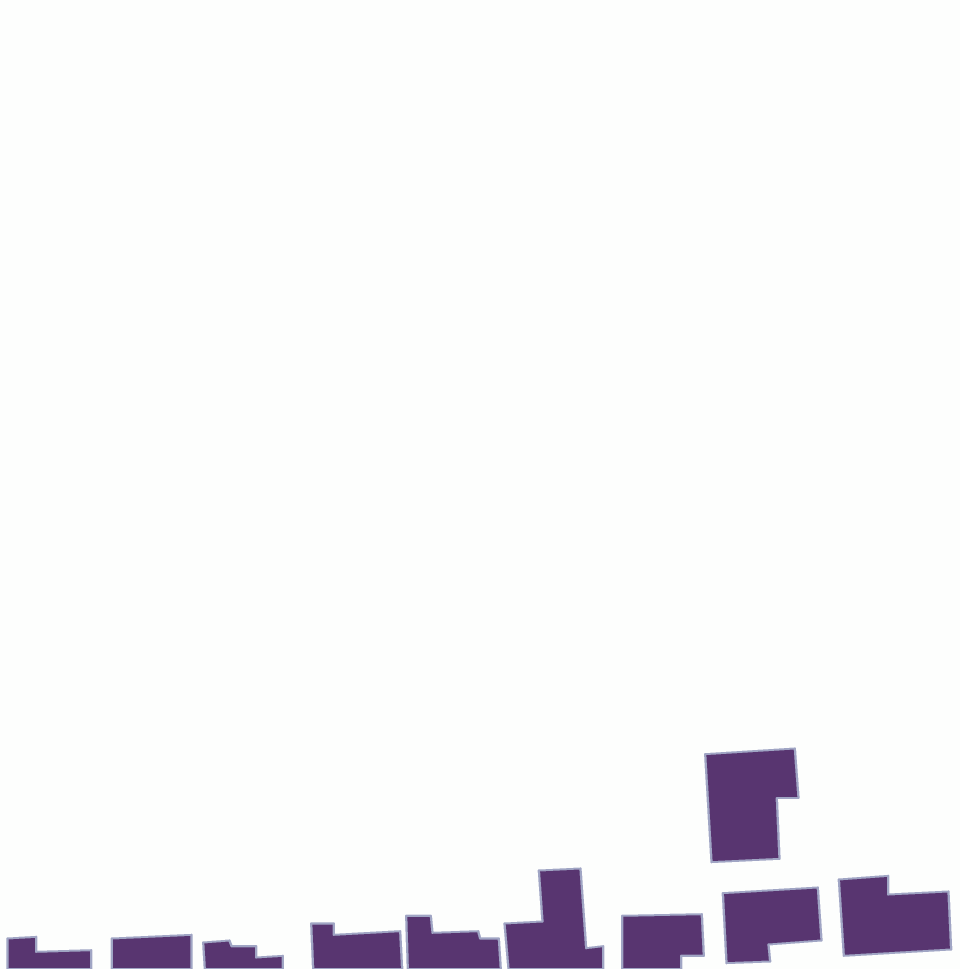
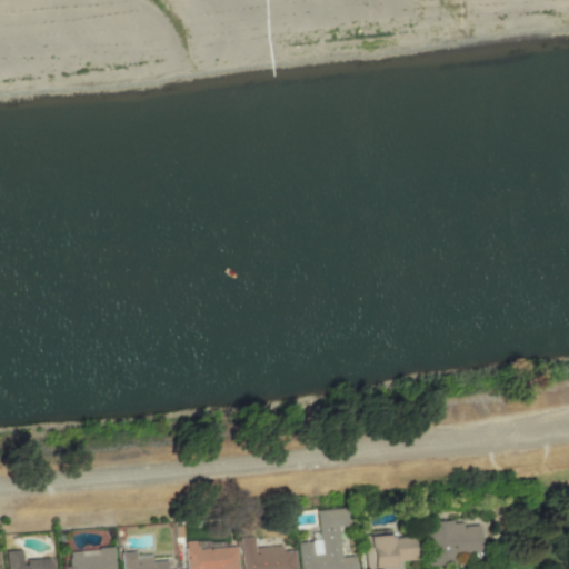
building: [705,748,799,862] -> none
building: [839,876,951,956] -> none

